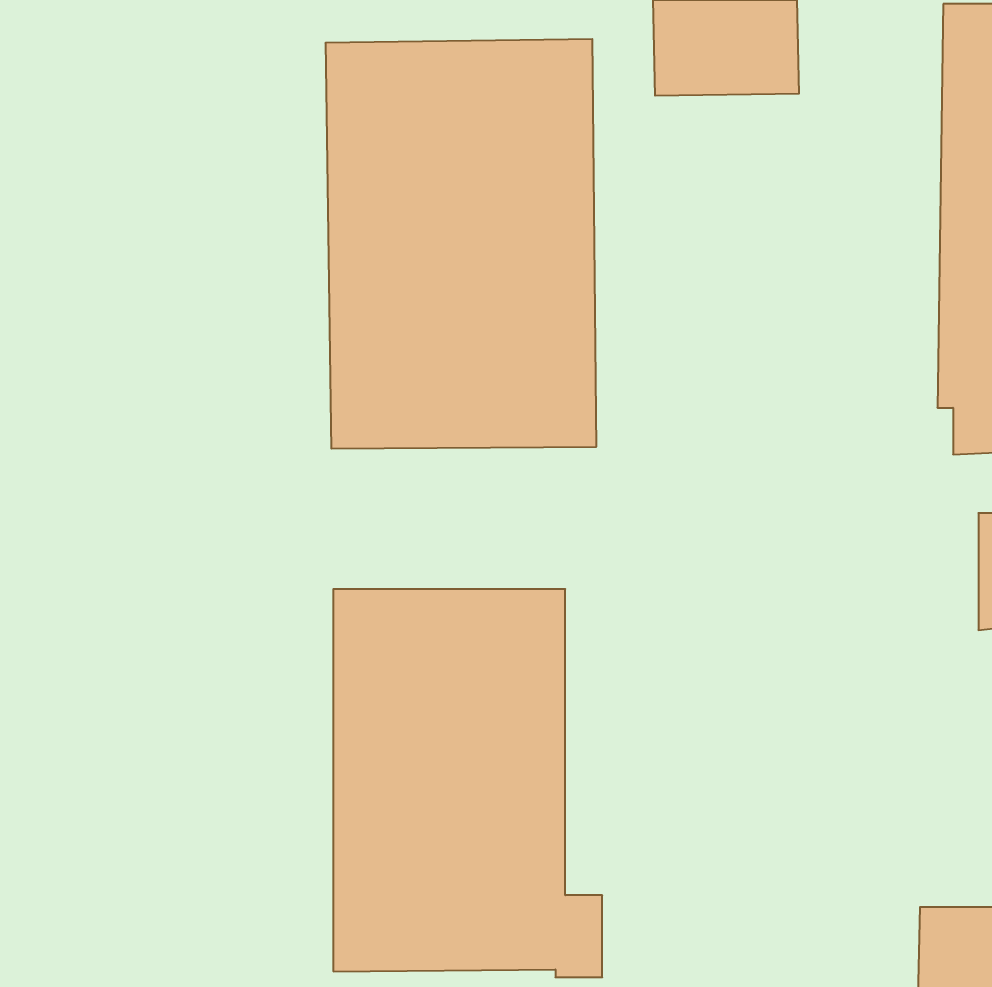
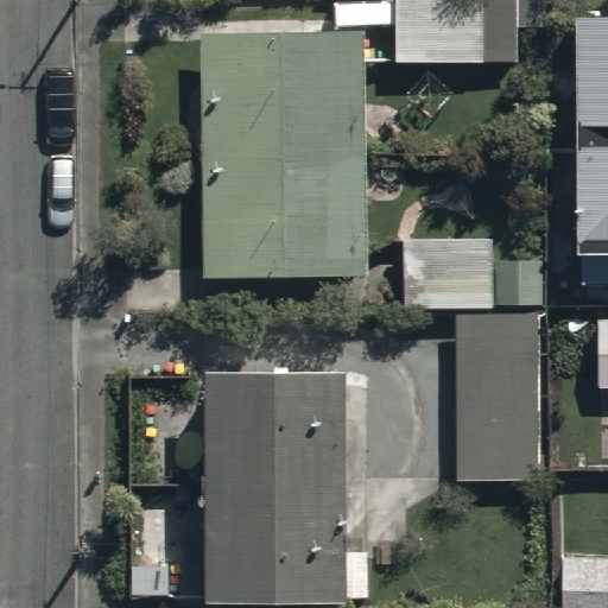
building: none -> [400,239,544,308]
building: none -> [456,314,542,486]

